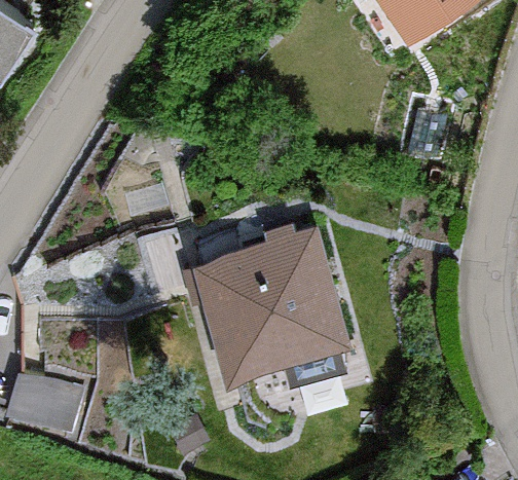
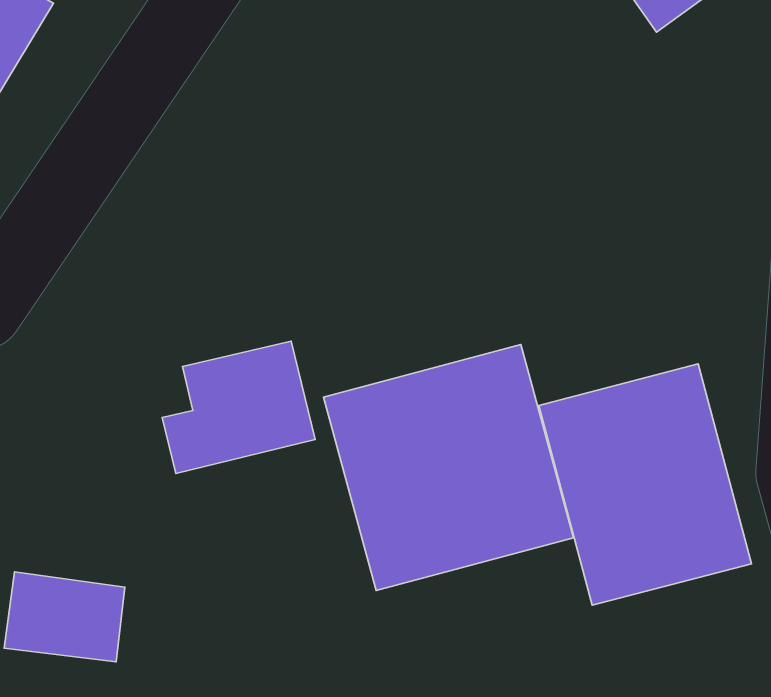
building: none -> [539,364,752,605]

